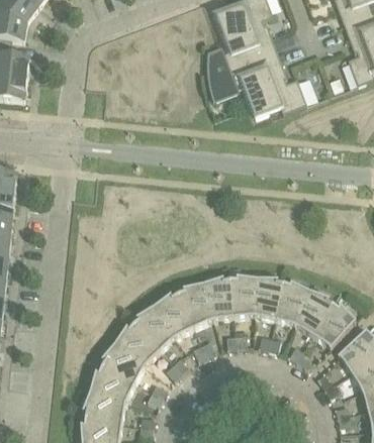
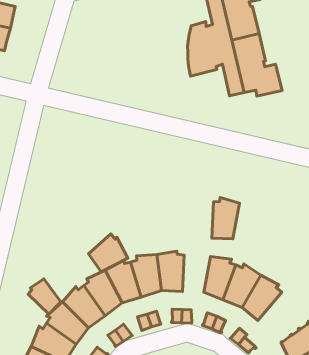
building: none -> [88,234,128,272]
building: [231,275,258,317] -> [212,198,240,239]
building: [313,305,357,347] -> none
building: none -> [28,279,61,314]

